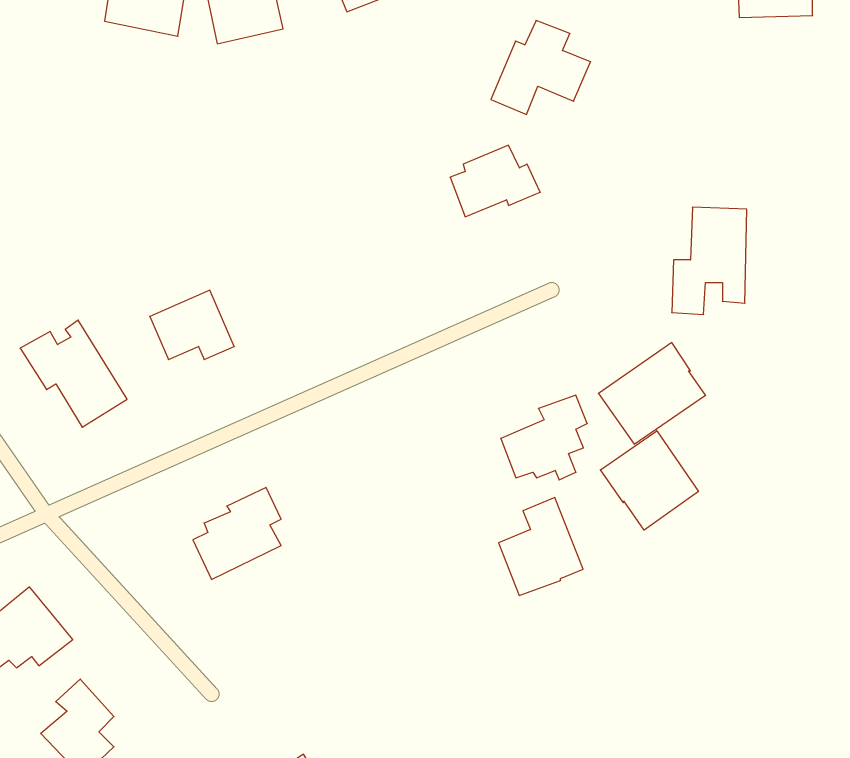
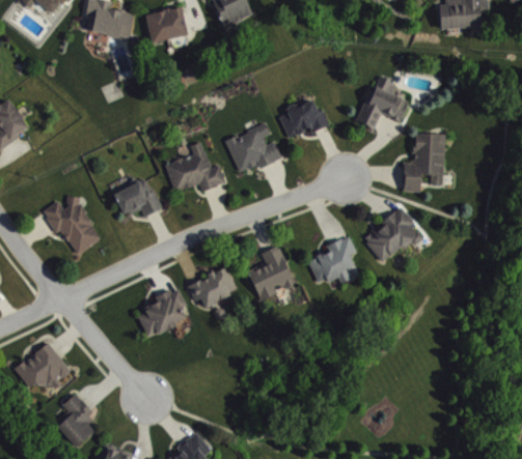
building: [491,20,591,114] -> [354,78,409,130]
building: none -> [225,124,280,172]
building: none -> [165,143,225,193]
building: [600,431,698,530] -> none
building: none -> [187,268,237,307]
building: [499,498,583,595] -> [247,247,294,300]

